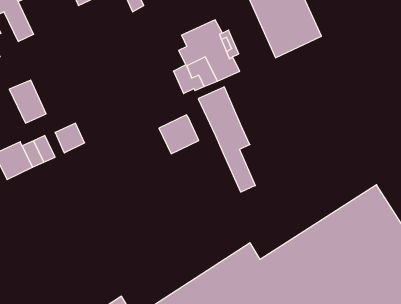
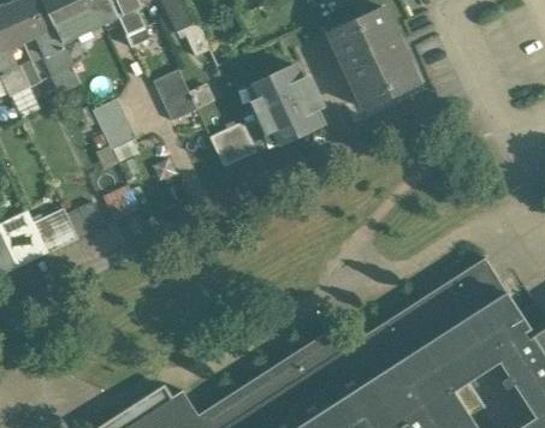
building: none -> [155,71,197,121]
building: [9,80,46,123] -> [93,100,136,150]
building: [198,87,255,192] -> none
building: [159,115,199,154] -> [209,123,256,168]

